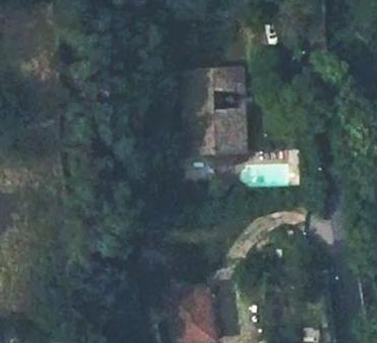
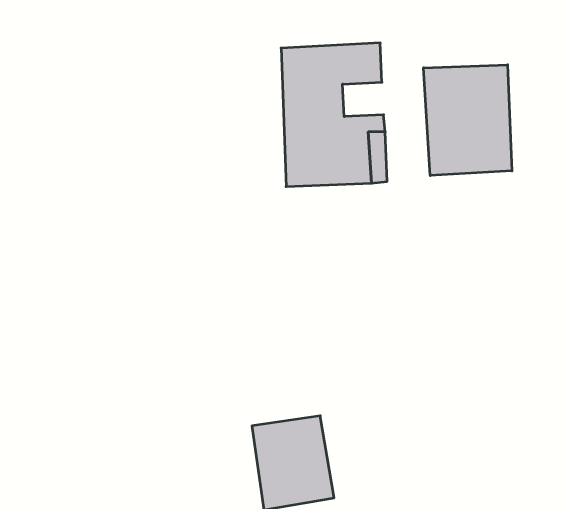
building: none -> [424,65,512,176]

